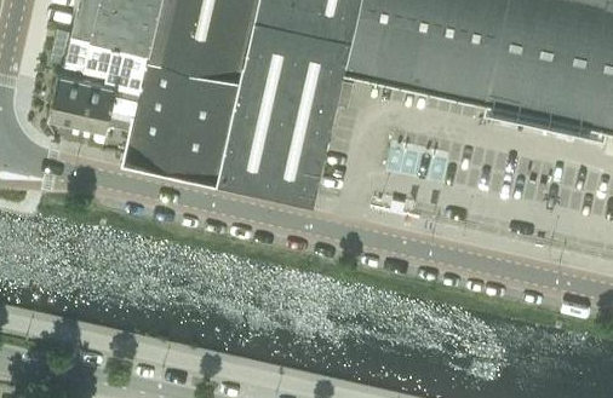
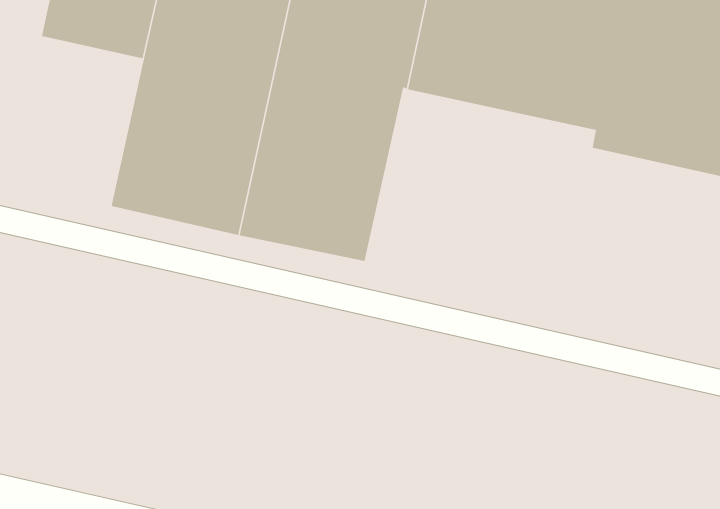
building: [50,30,151,151] -> none

